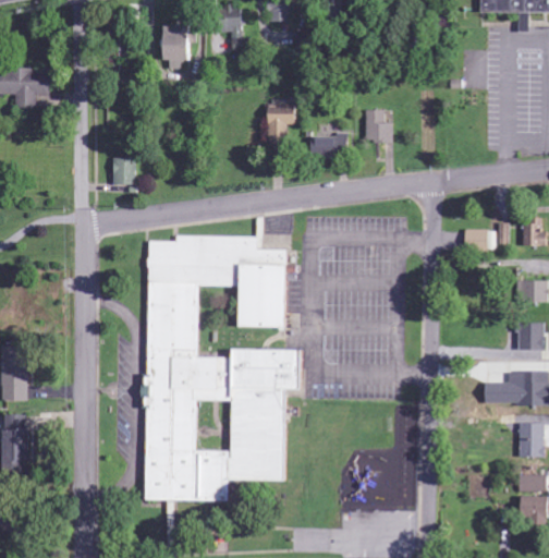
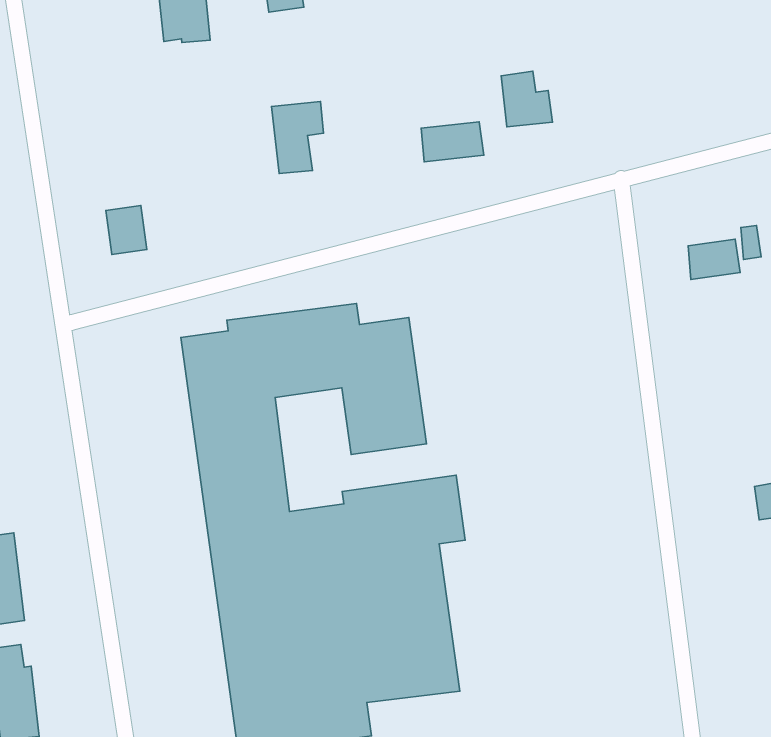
building: [264,102,295,145] -> [271,101,323,173]

